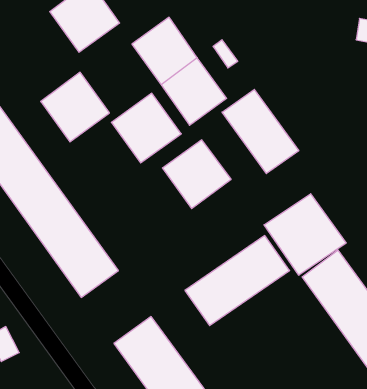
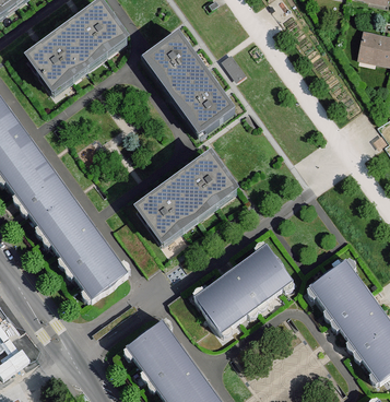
building: [41,72,109,142] -> [24,26,91,94]
building: [222,89,299,174] -> none
building: [111,93,181,163] -> [132,178,200,246]
building: [264,194,346,275] -> none

